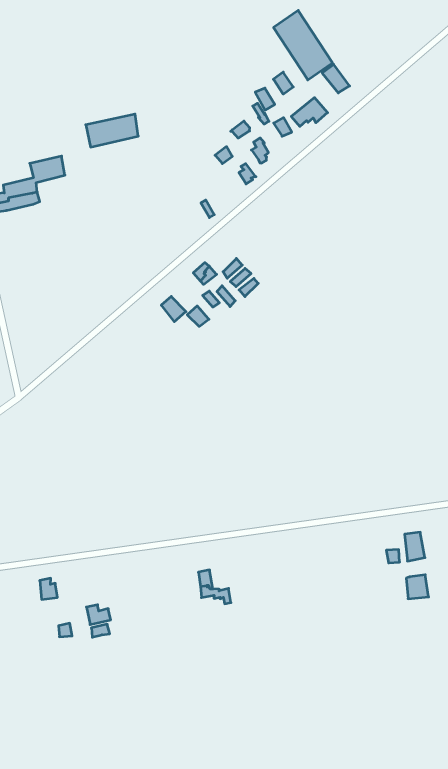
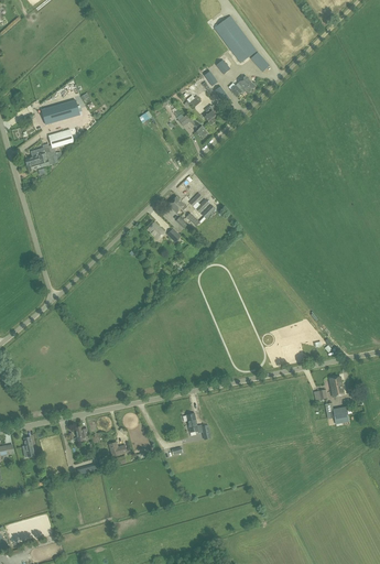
building: [86,114,138,147] -> [41,99,78,124]

